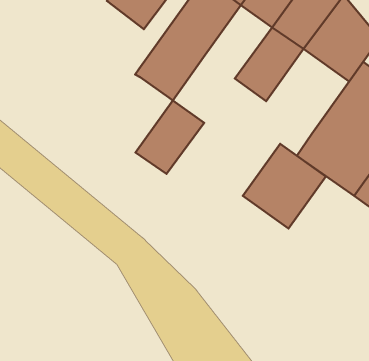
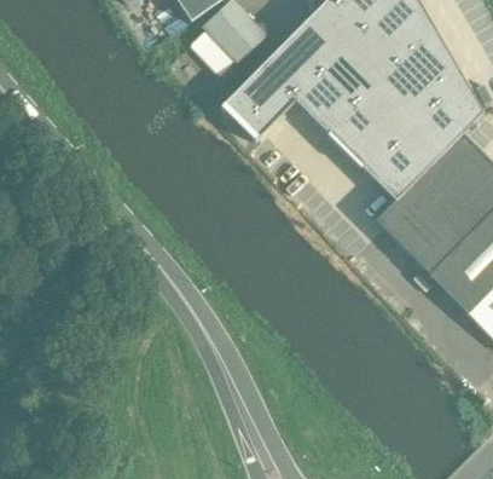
building: [135,100,204,174] -> [295,52,372,128]
building: [243,144,326,229] -> [353,109,443,200]

